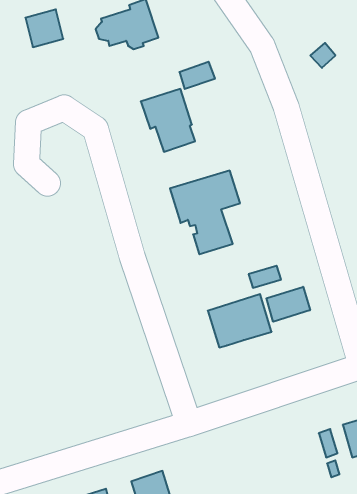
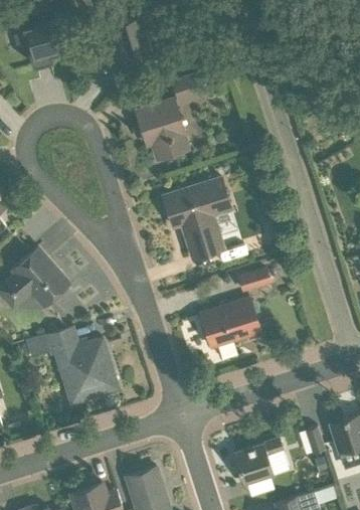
building: none -> [5,252,68,306]
building: [266,287,310,322] -> none
building: none -> [26,328,119,400]
building: none -> [233,439,284,484]

